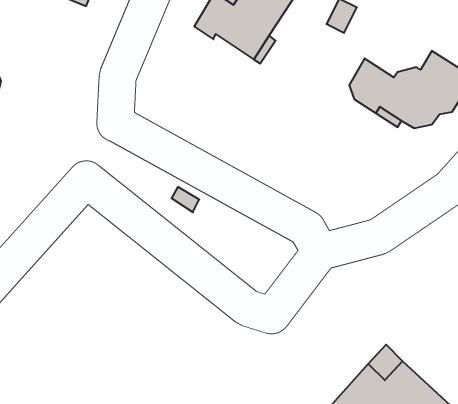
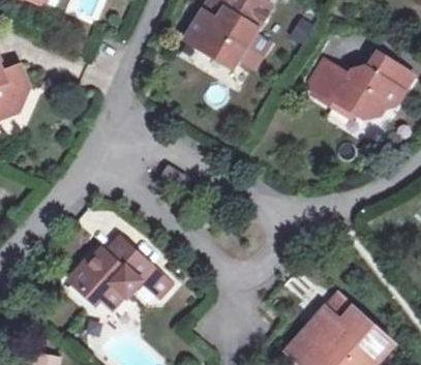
building: none -> [66,237,168,305]

